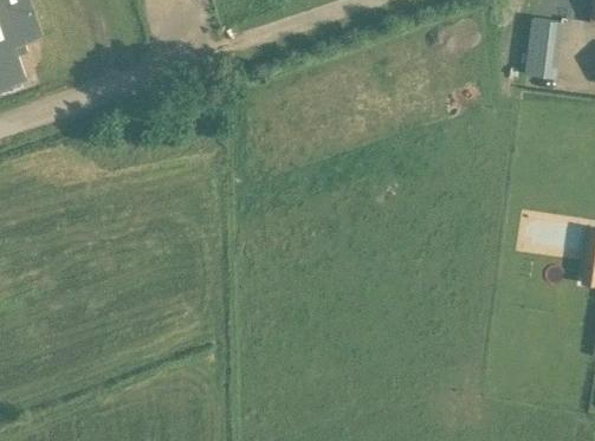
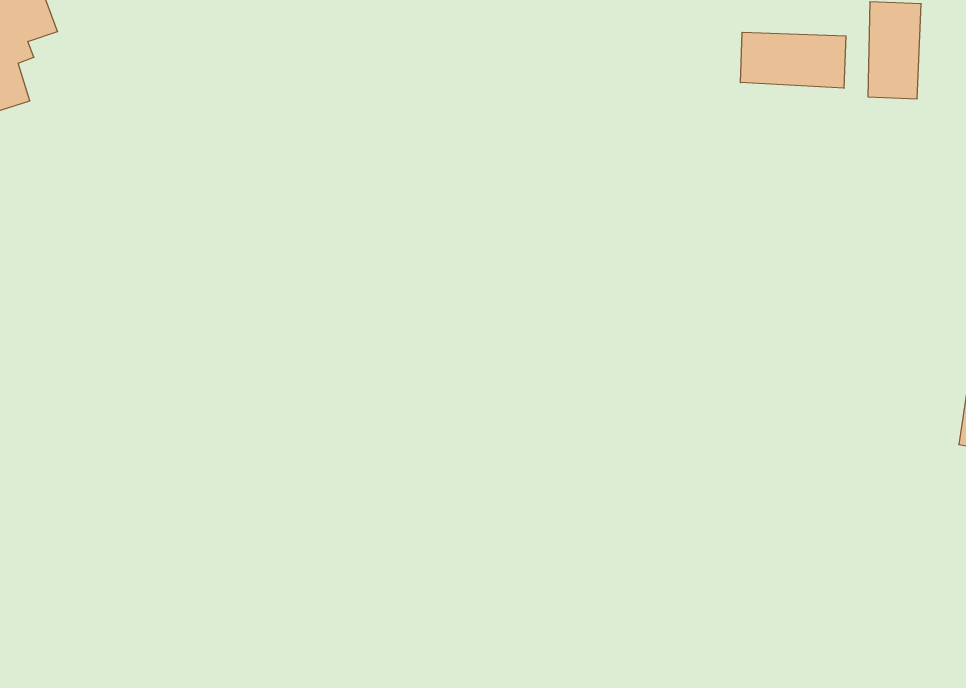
building: none -> [740,32,846,88]

